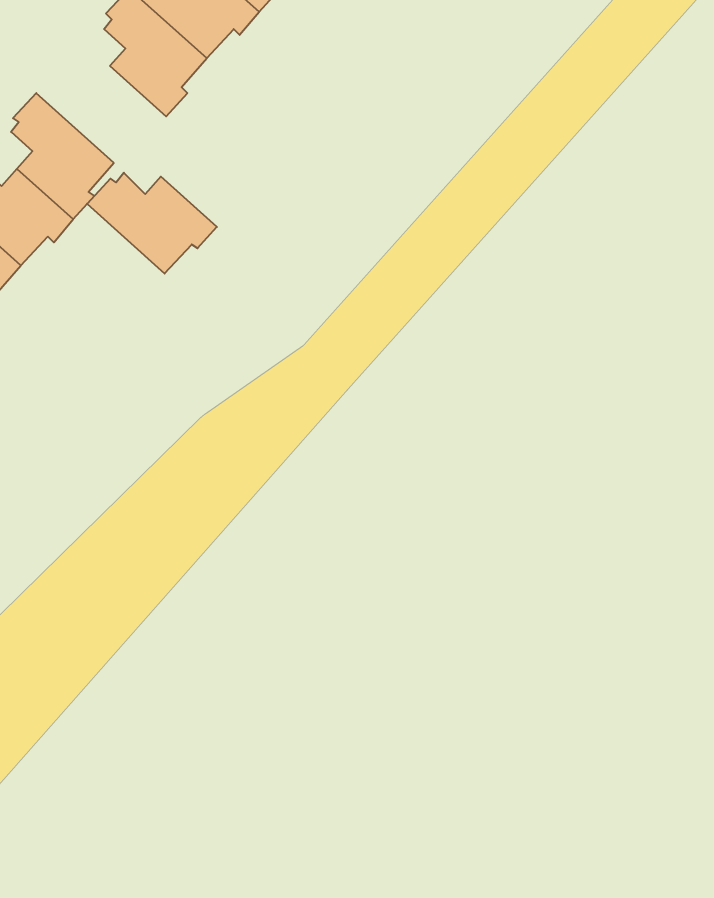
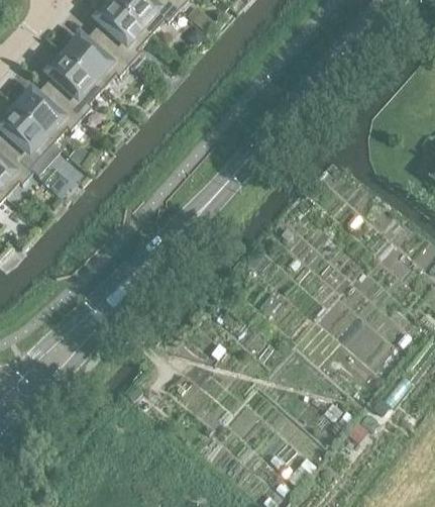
building: [87,173,217,274] -> [62,33,129,86]

